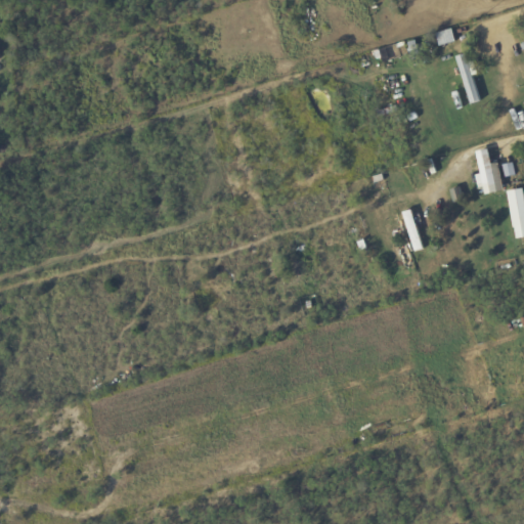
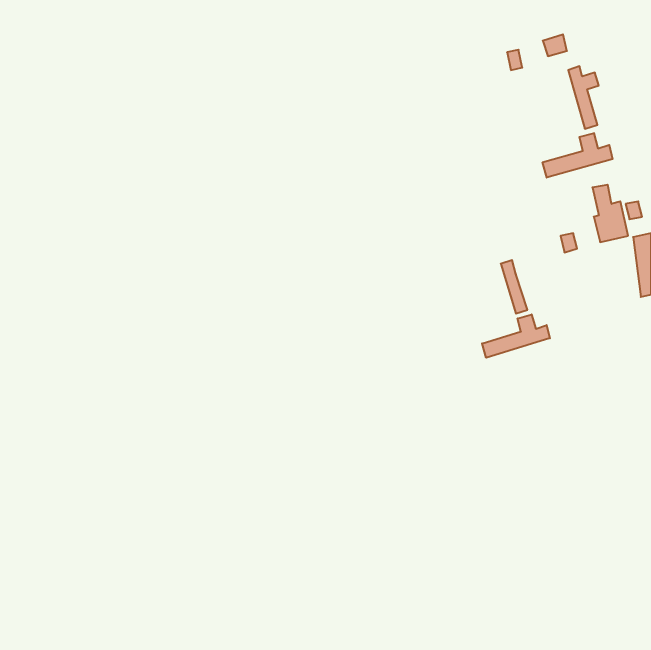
building: none -> [543,133,613,178]
building: none -> [482,314,550,358]

